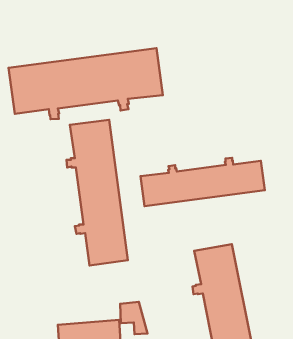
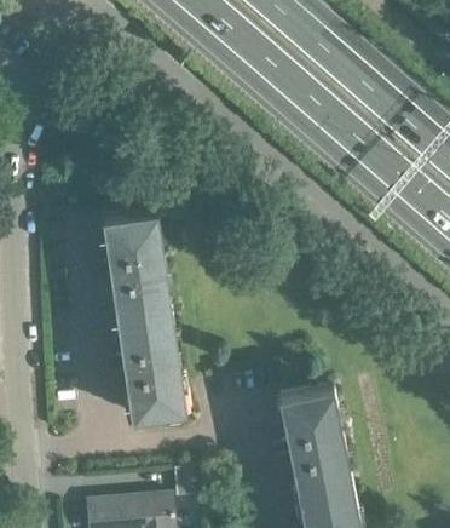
building: [9,48,163,119] -> none
building: [140,158,265,206] -> none

